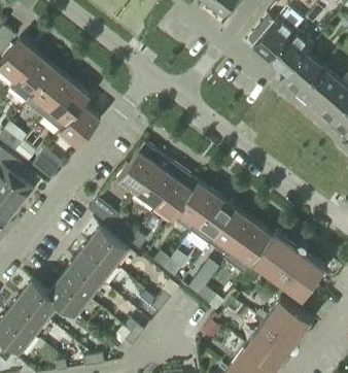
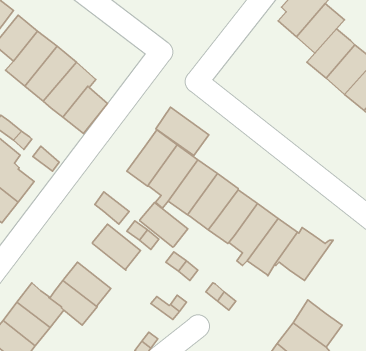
building: none -> [156,107,209,155]
building: [277,241,325,315] -> none
building: [73,244,116,284] -> [140,202,188,247]

